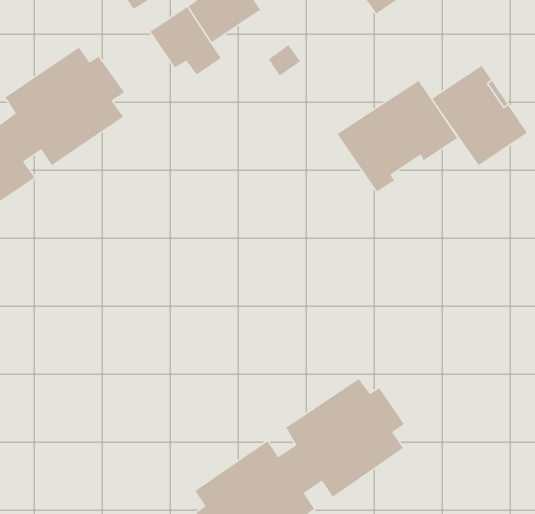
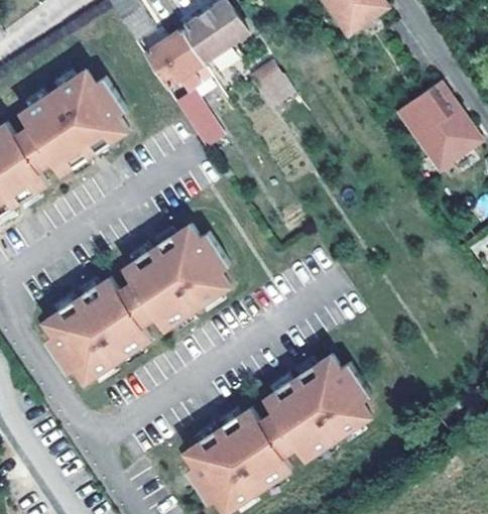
building: none -> [177,87,228,143]
building: [336,80,458,193] -> none
building: none -> [42,225,227,383]

